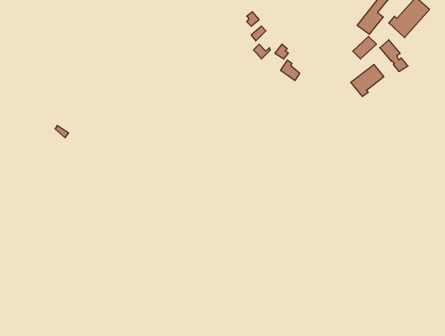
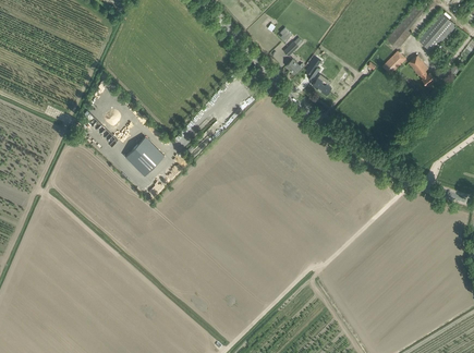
building: [351,65,384,97] -> none
building: none -> [125,137,163,175]

